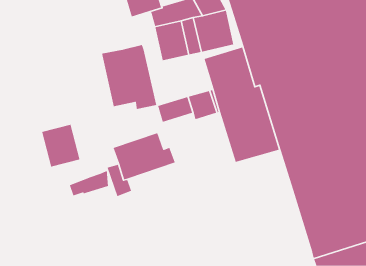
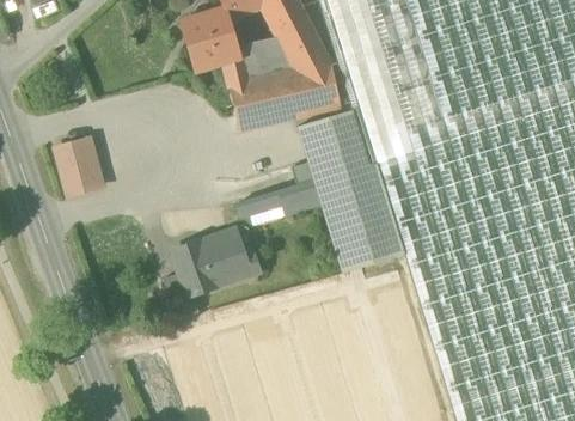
building: [101,44,157,110] -> none
building: [41,124,81,167] -> [53,135,108,196]
building: [69,170,109,196] -> none

